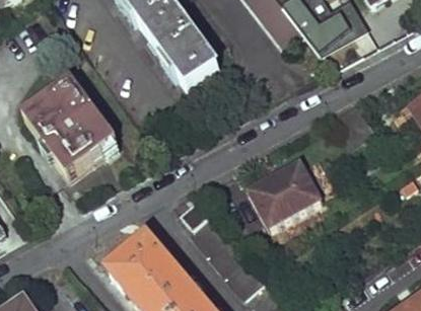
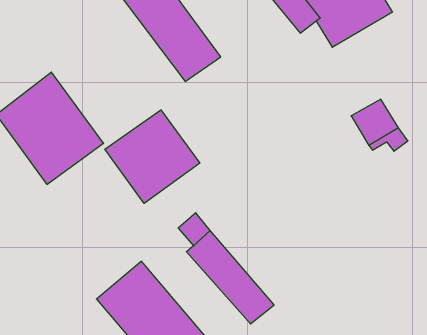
building: none -> [105,110,200,203]
building: [249,157,324,226] -> none

